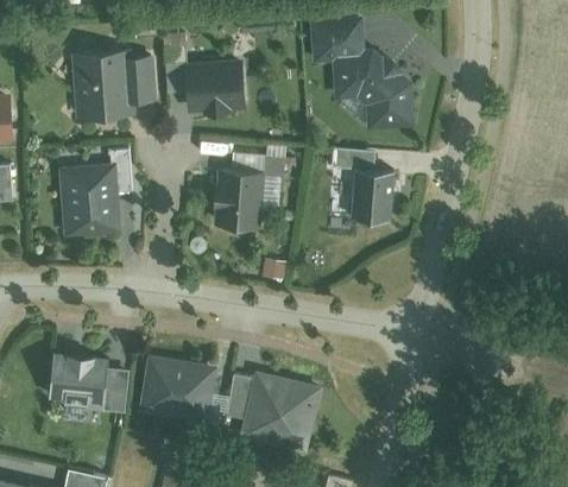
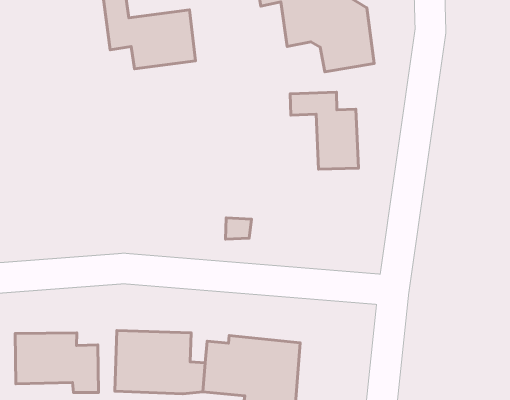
building: [75,50,153,119] -> none
building: [213,147,298,233] -> none
building: [62,151,131,238] -> none

